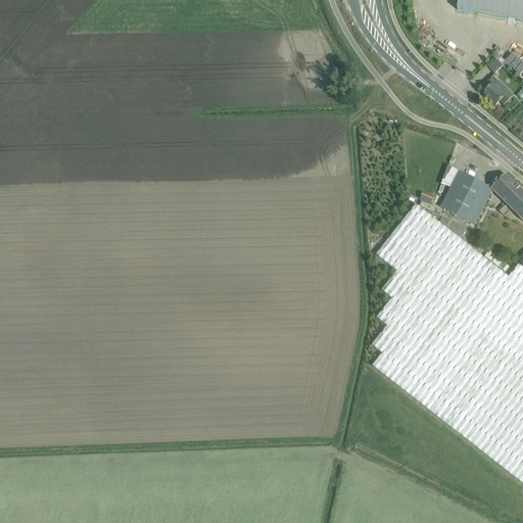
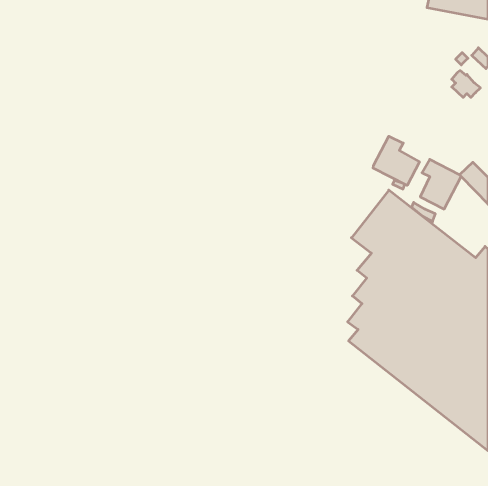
building: none -> [373,136,419,185]

